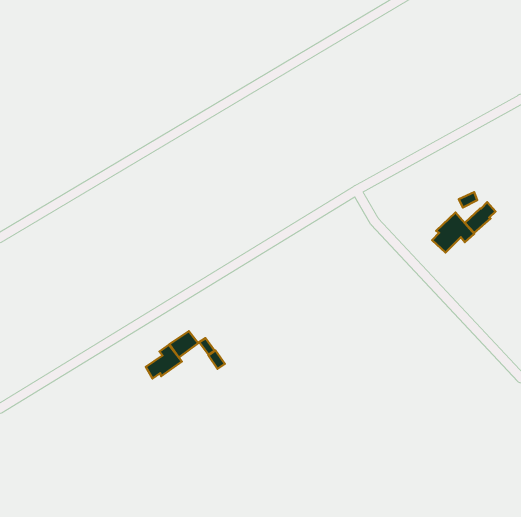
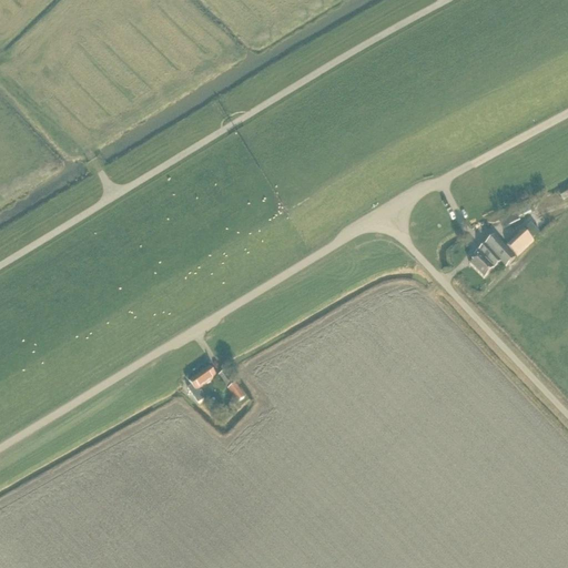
building: [146,345,182,379] -> none

